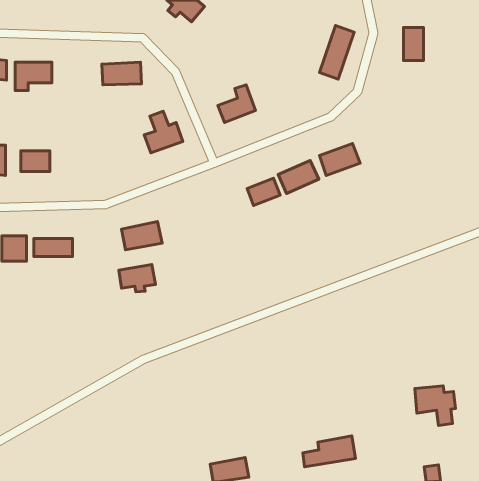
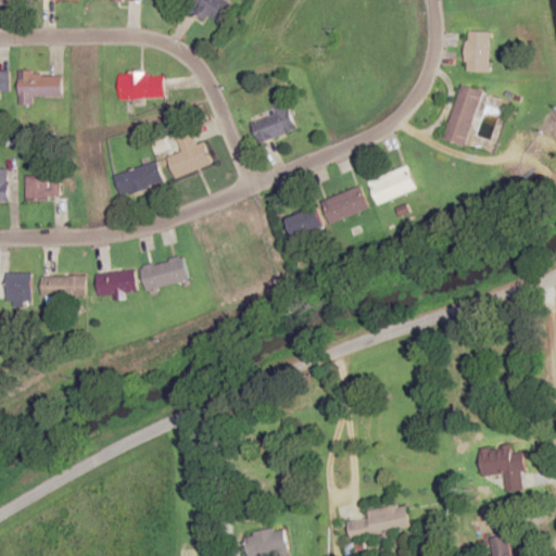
building: [319,25,354,79] -> [441,84,481,146]
building: none -> [113,162,159,197]
building: [119,265,156,292] -> [94,268,137,300]

